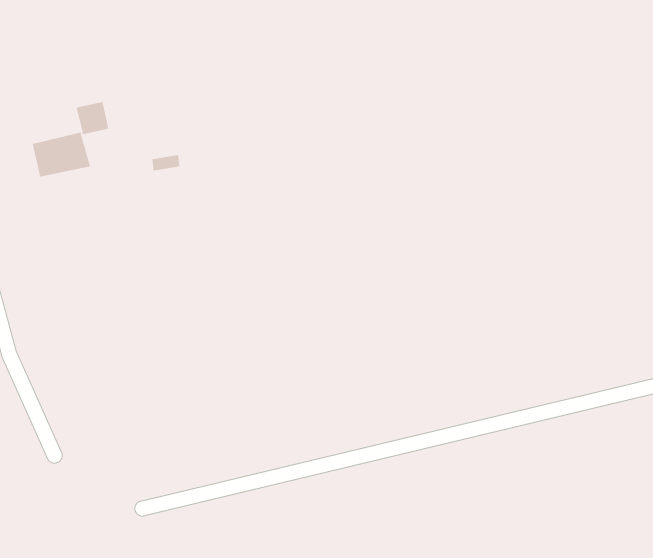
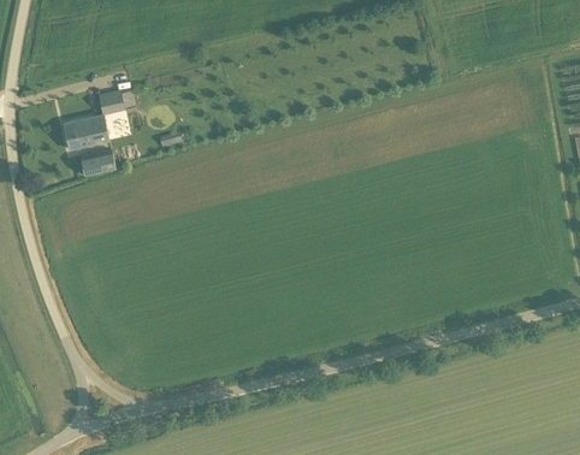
building: none -> [79,148,116,175]

